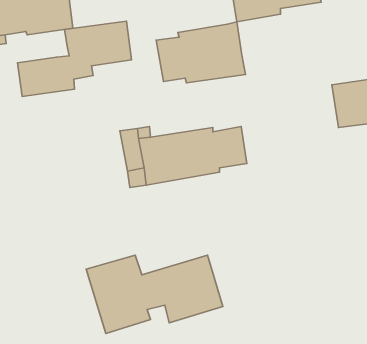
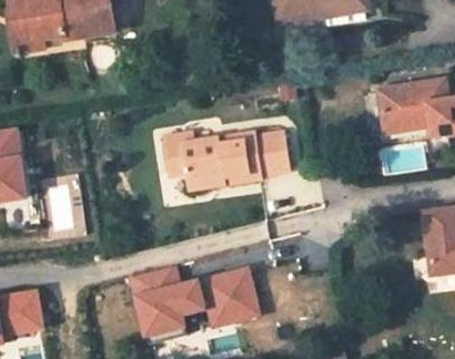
building: [18,21,131,97] -> none
building: [156,22,246,83] -> none

